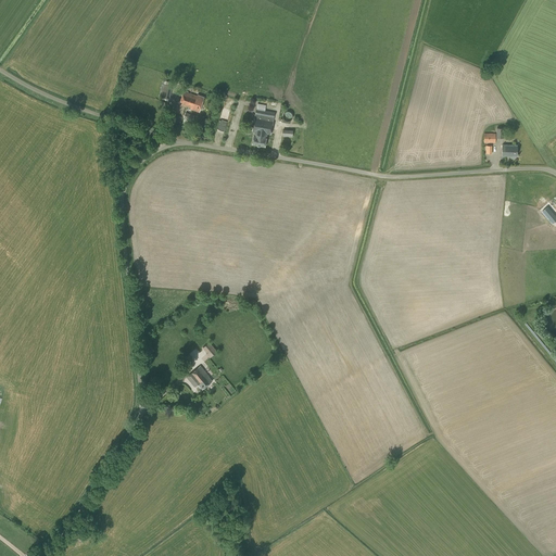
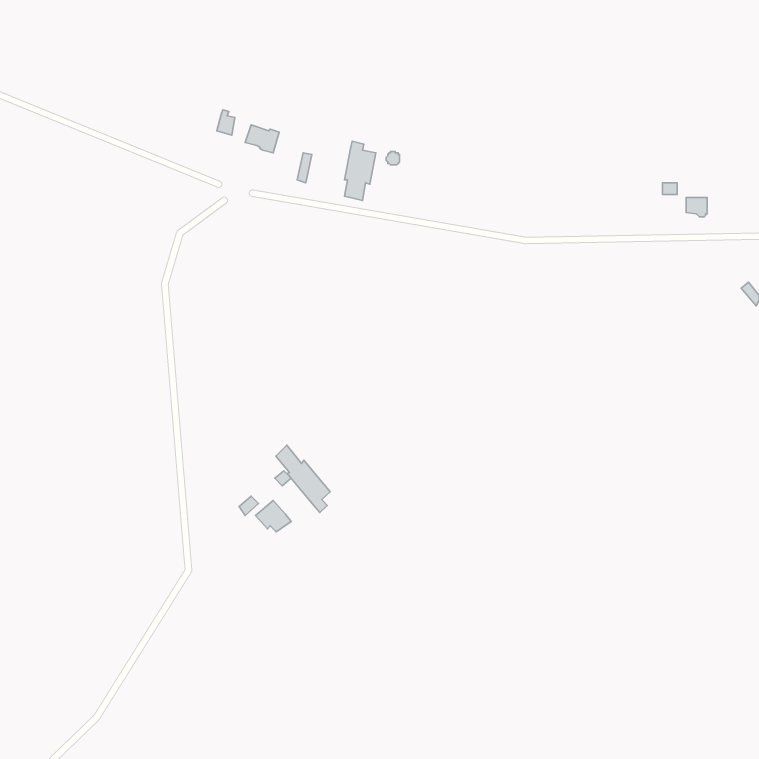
building: none -> [276,445,330,513]

